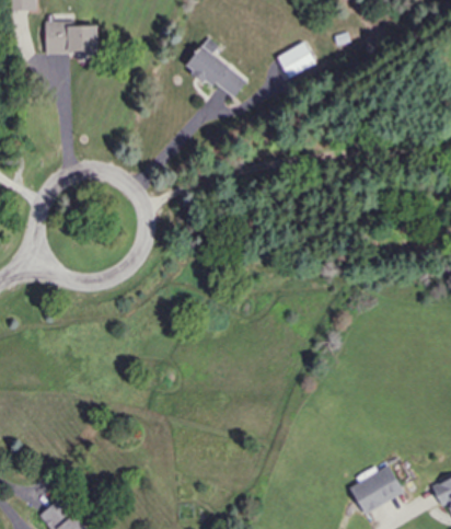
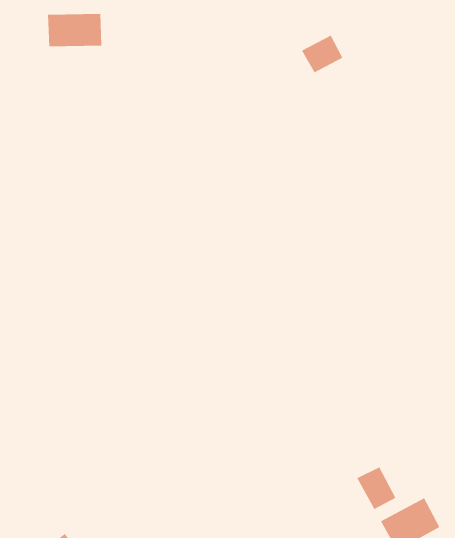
building: [186,36,246,100] -> none
building: none -> [356,467,396,510]

